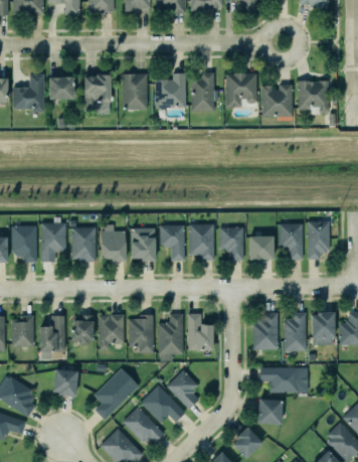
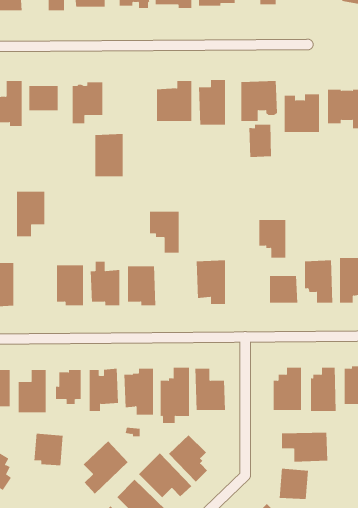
building: [122,73,146,110] -> [95,134,123,177]
building: none -> [249,124,272,158]
building: [41,223,65,262] -> [16,191,45,237]
building: [159,225,184,261] -> [149,211,179,253]
building: [219,227,242,260] -> [258,220,286,258]

